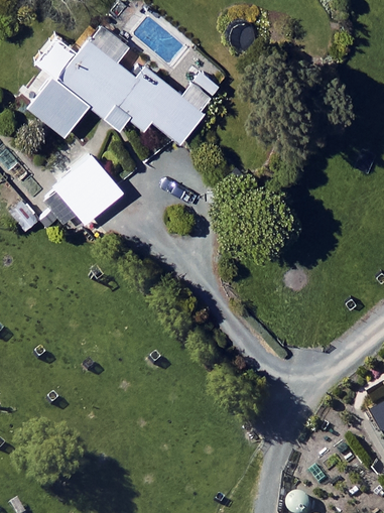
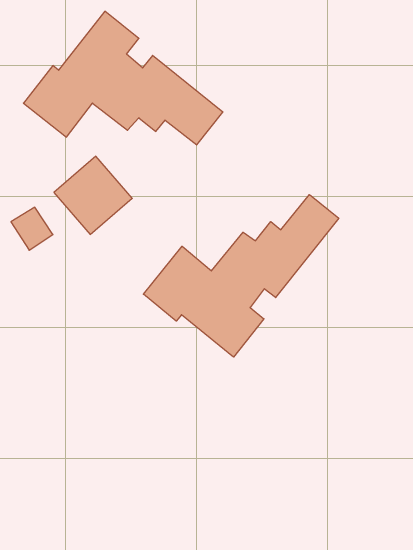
building: none -> [143,195,339,357]

